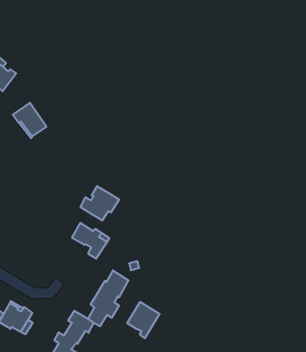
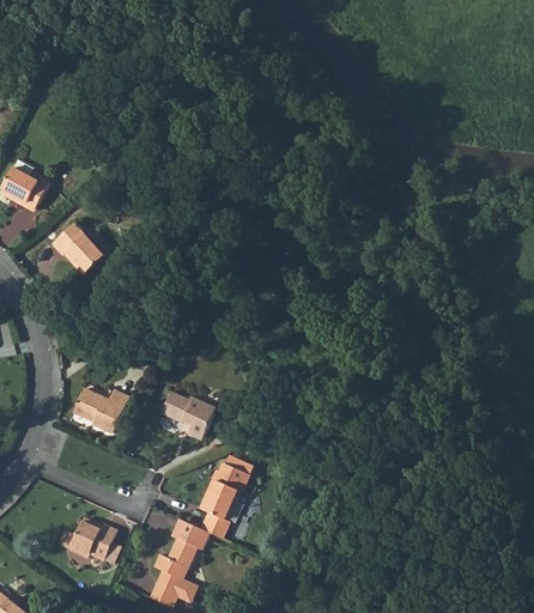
building: [81,186,119,221] -> none
building: none -> [73,388,129,435]
building: [127,302,160,338] -> none

